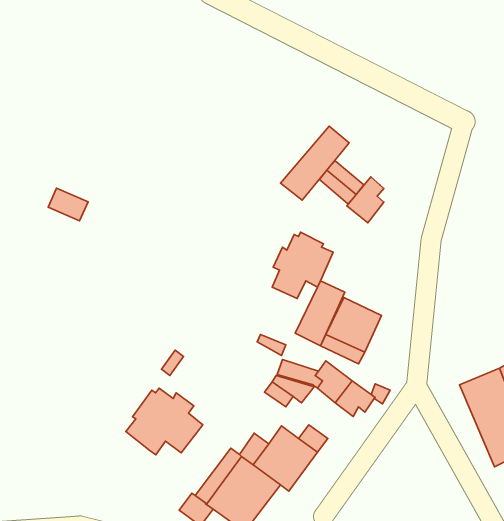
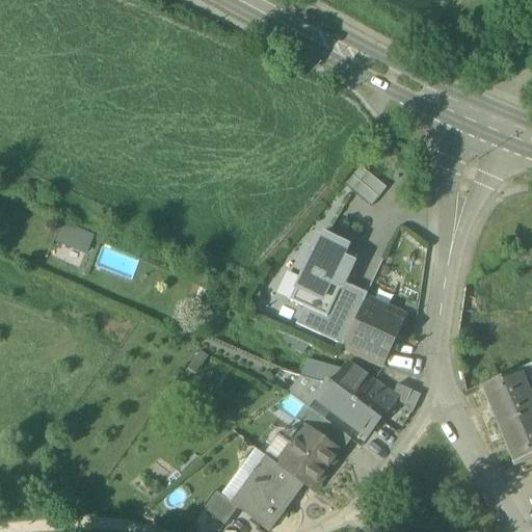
building: [281,126,349,200] -> none
building: [347,177,384,223] -> none
building: [48,188,88,221] -> [55,223,95,256]
building: none -> [291,281,341,332]
building: none -> [325,384,380,434]
building: [126,388,203,455] -> none
building: none -> [295,402,332,436]

